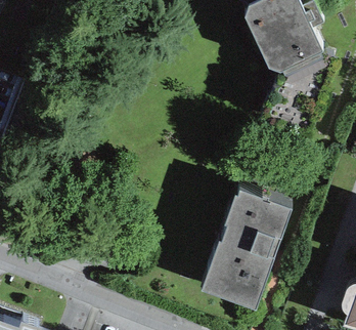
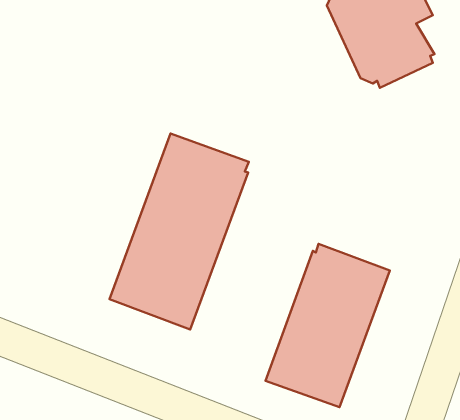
building: none -> [110,133,249,330]

